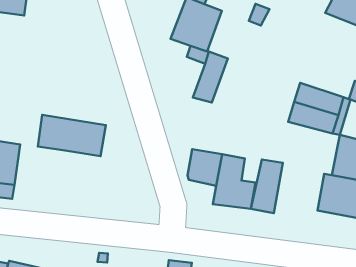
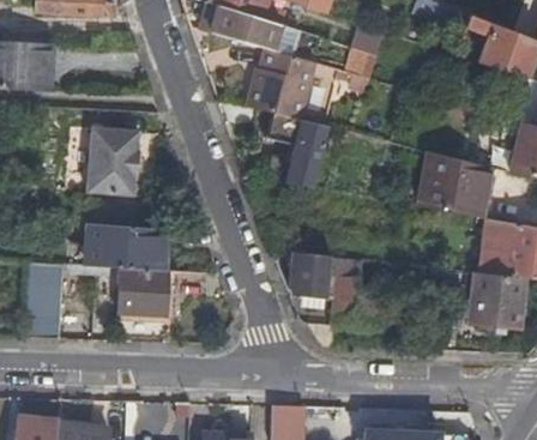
building: none -> [89,128,143,195]
building: none -> [117,267,169,315]
building: [251,160,283,213] -> none

